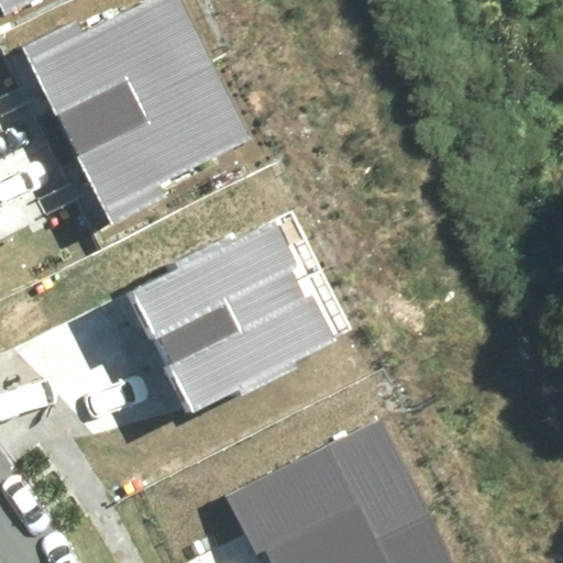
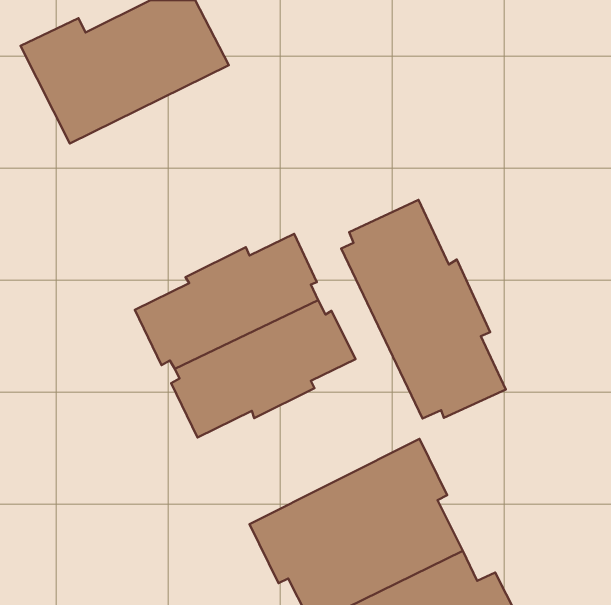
building: [68,69,251,230] -> none
building: none -> [341,200,506,419]

